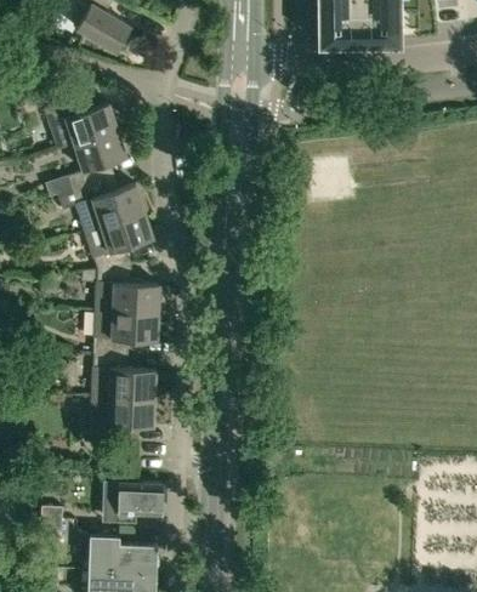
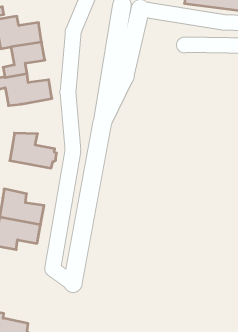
building: [83,212,153,271] -> none
building: [93,312,158,357] -> none
building: [118,483,163,523] -> none

